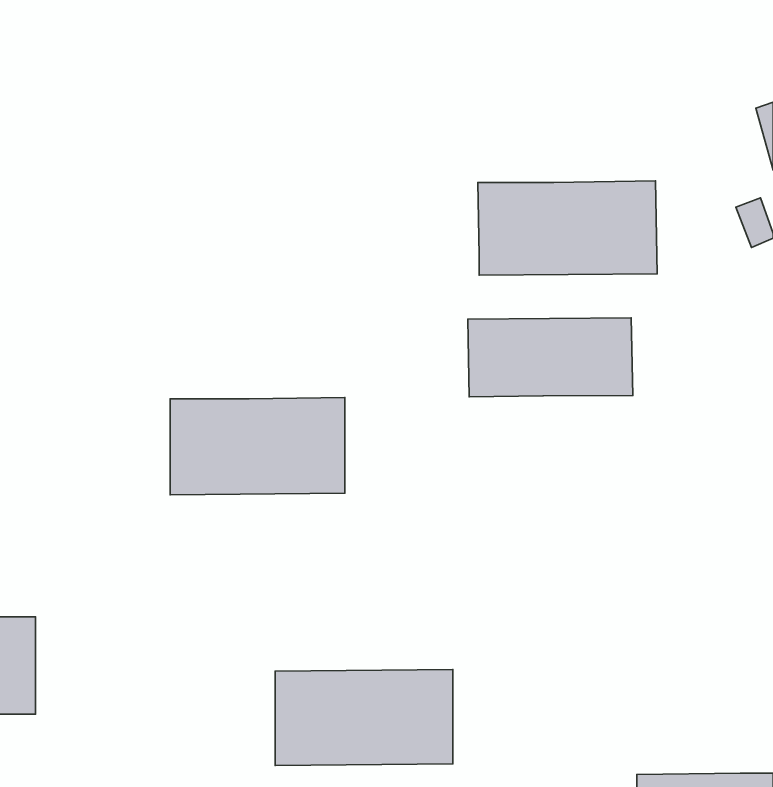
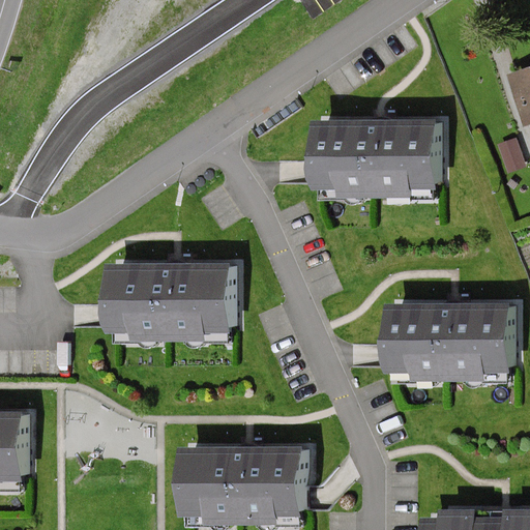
building: [468,318,633,397] -> none
building: none -> [393,305,513,372]

